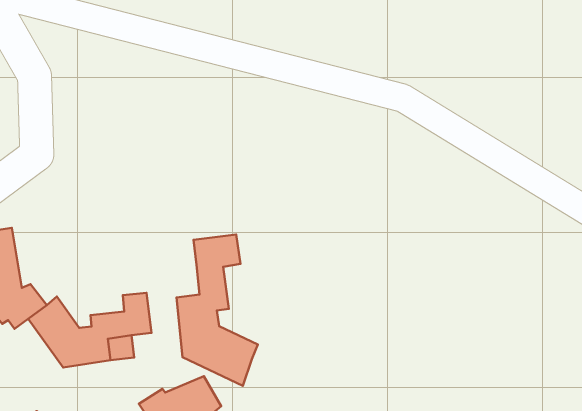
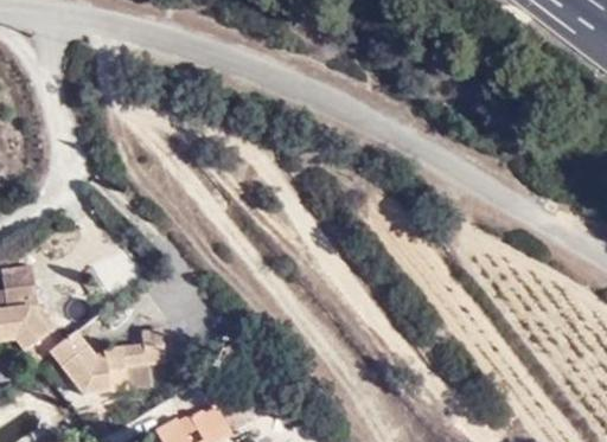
building: [177,234,258,386] -> none

